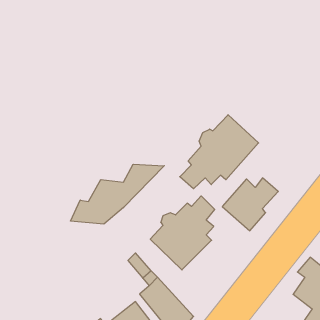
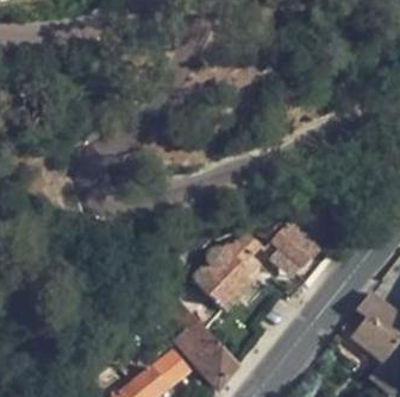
building: [180,115,259,189] -> none
building: [71,164,164,224] -> none

